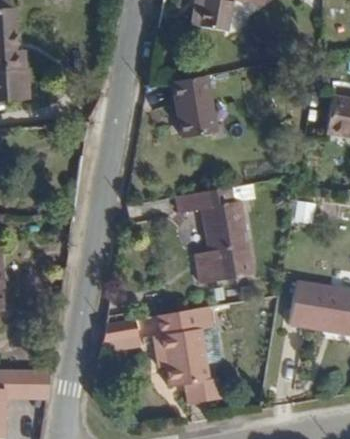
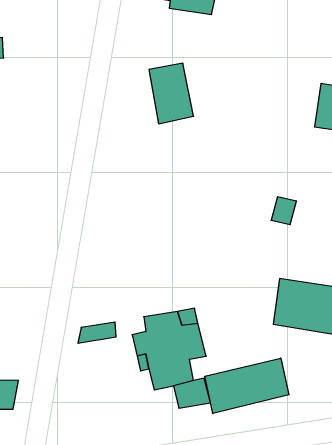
building: [177,188,247,282] -> none
building: none -> [205,358,289,414]

